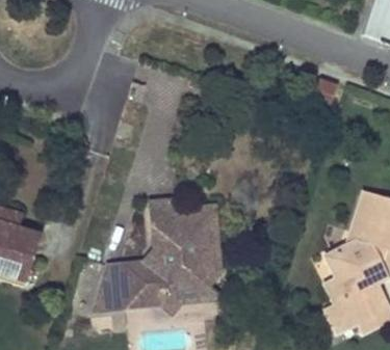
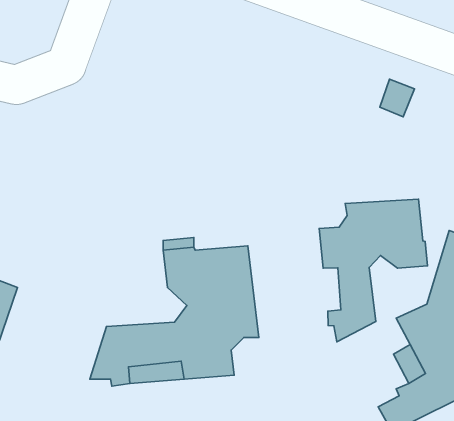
building: none -> [319,199,427,342]

